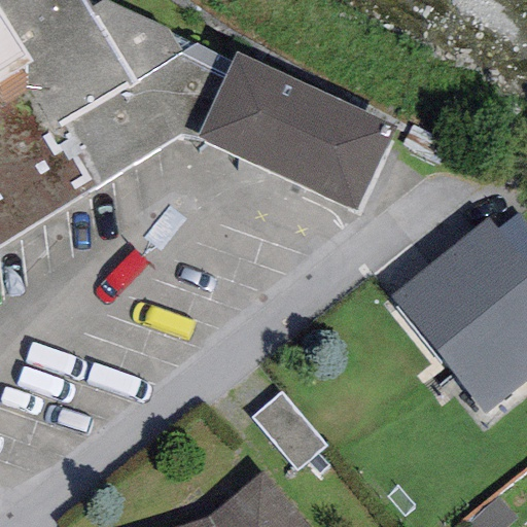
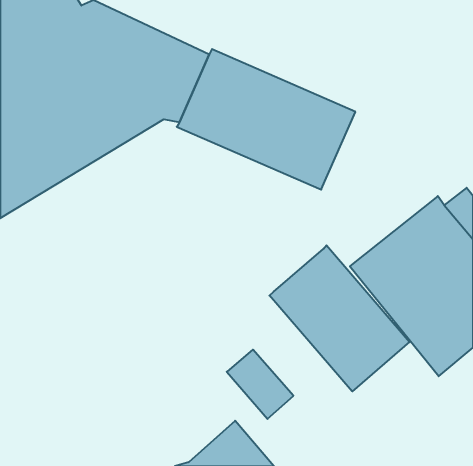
building: none -> [269,245,410,391]

